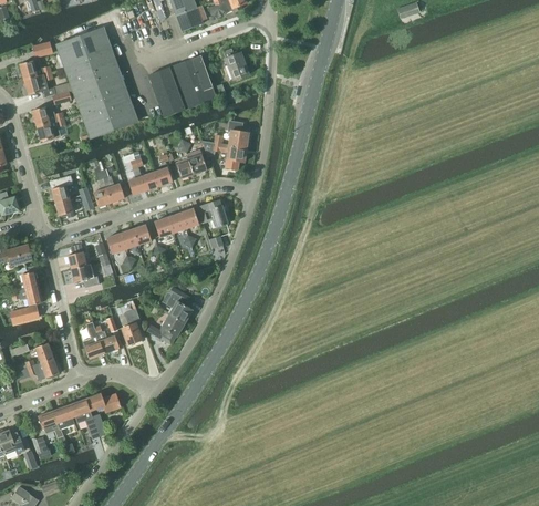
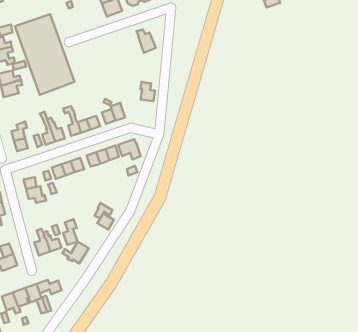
building: [148,56,216,117] -> none
building: [201,141,246,169] -> none
building: [147,314,184,344] -> [62,242,89,264]

